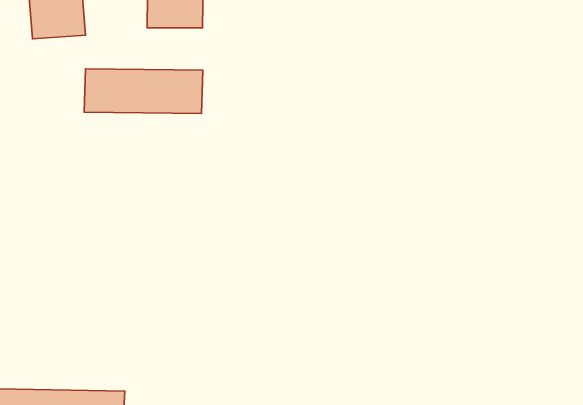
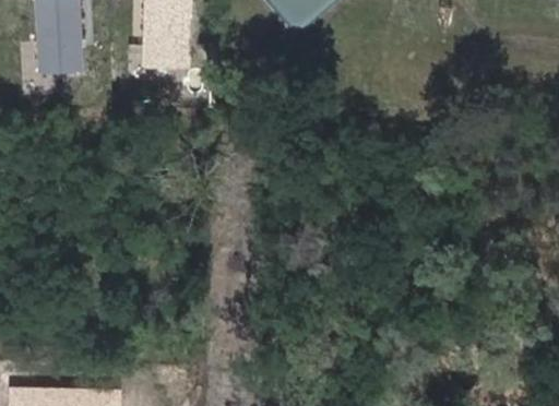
building: [84,69,203,114] -> none

